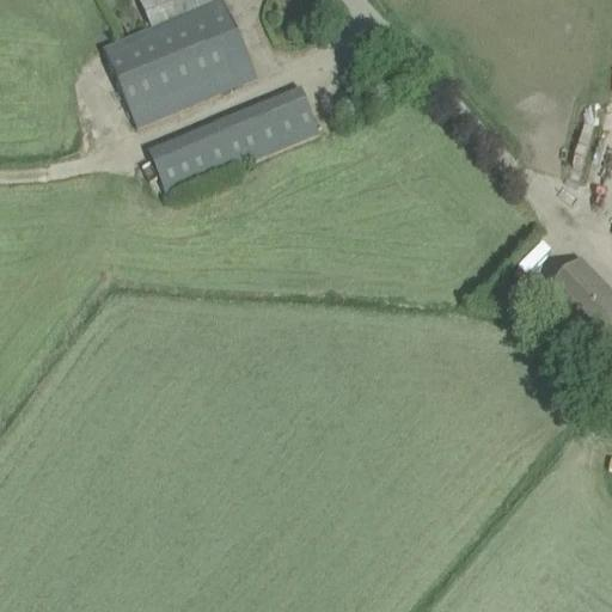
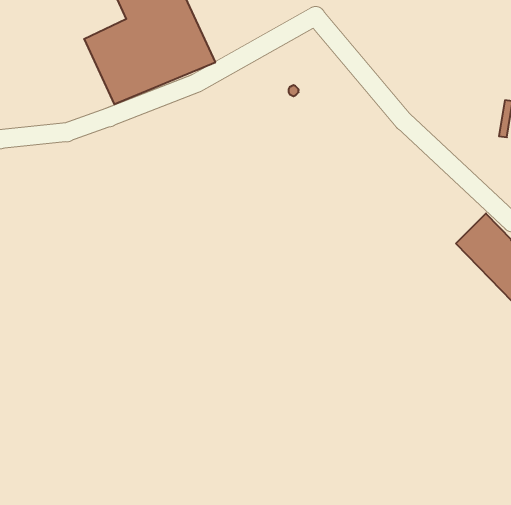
building: [149,85,320,192] -> none

